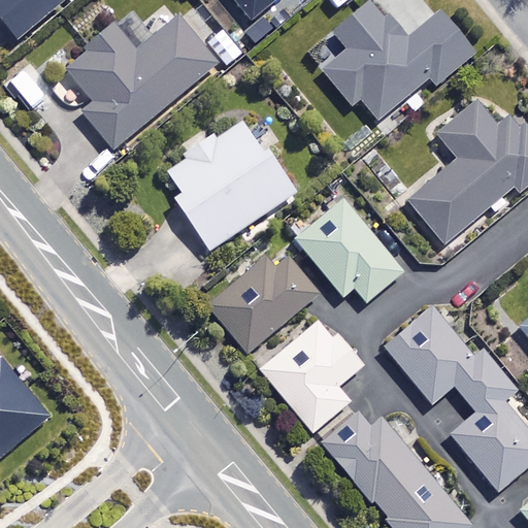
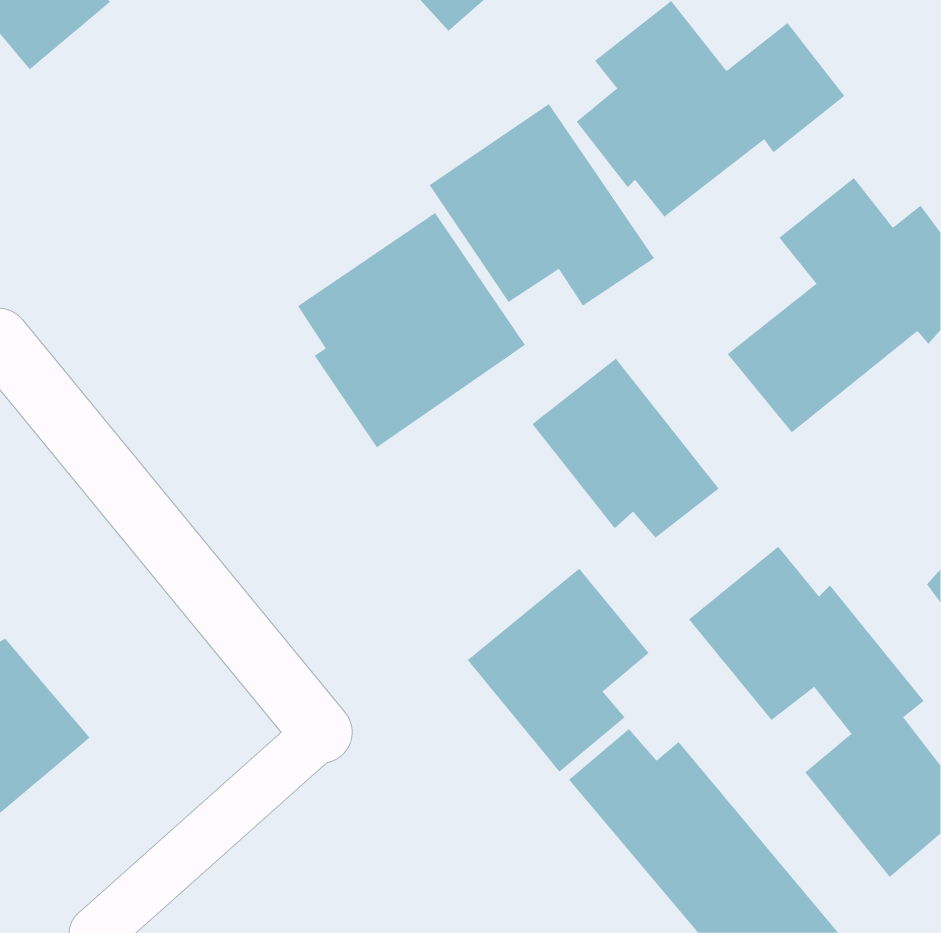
building: [65,14,220,153] -> none
building: none -> [429,103,655,306]
building: [209,251,330,352] -> none

